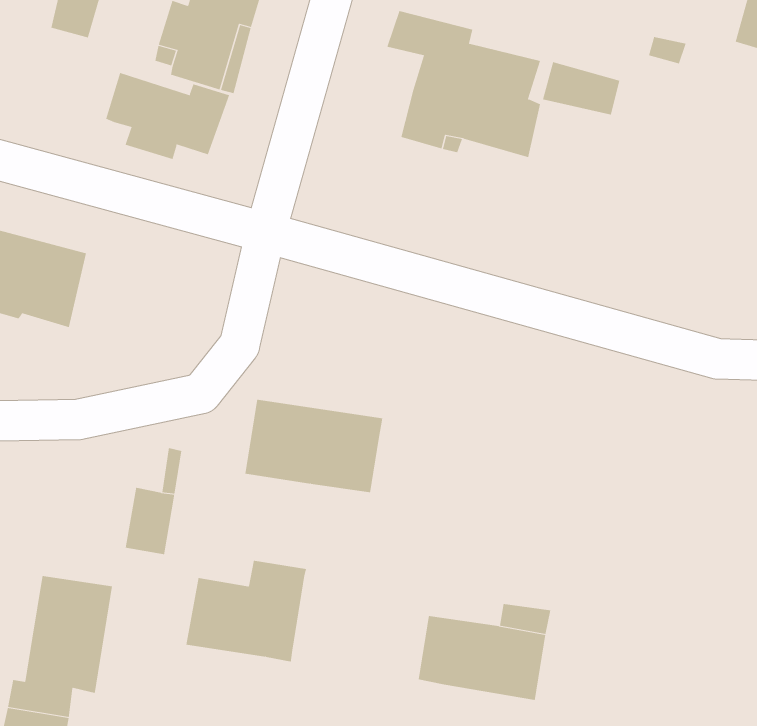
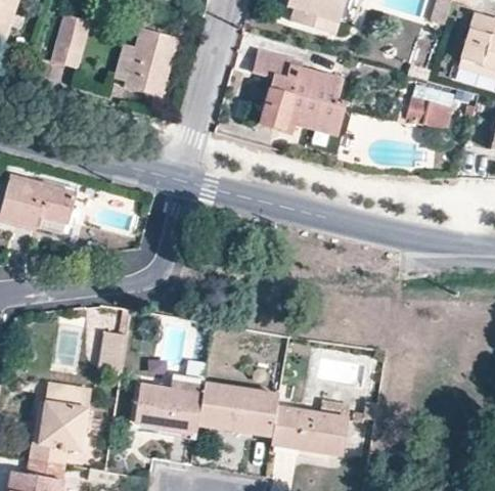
building: [542,61,620,115] -> [406,96,452,128]
building: [105,72,230,160] -> none
building: [244,399,383,493] -> [197,382,279,437]

